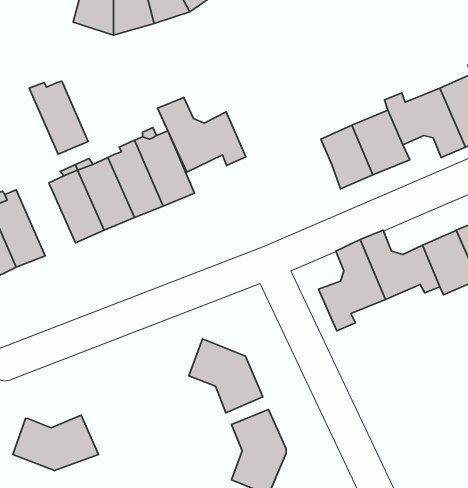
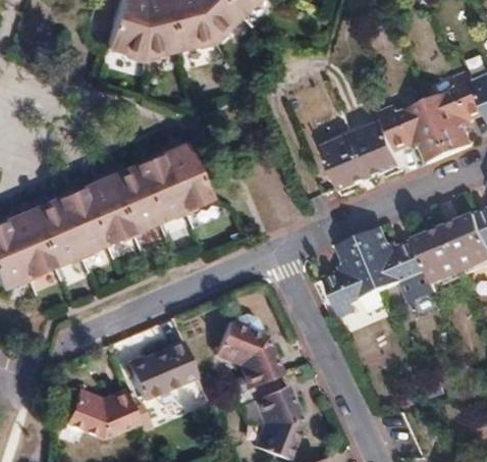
building: [29,81,88,154] -> [63,185,115,249]
building: [158,98,246,172] -> none
building: none -> [125,342,195,399]

